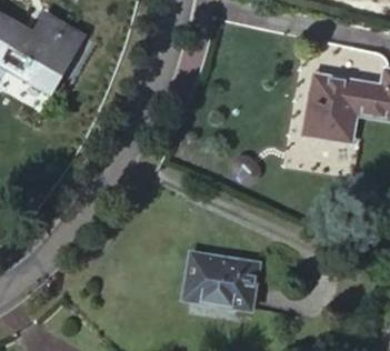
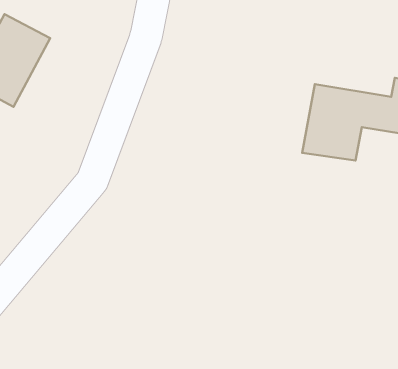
building: [181,254,256,311] -> none

